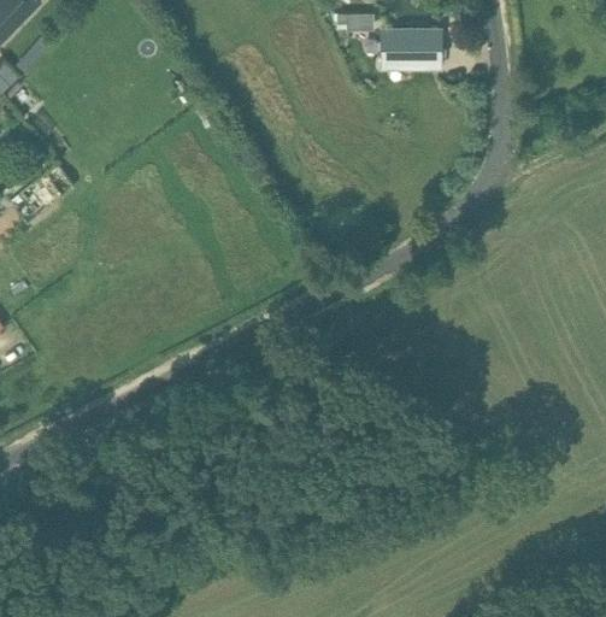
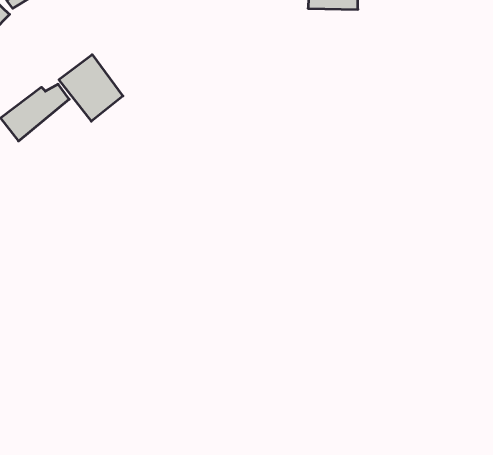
building: none -> [59,55,123,121]

